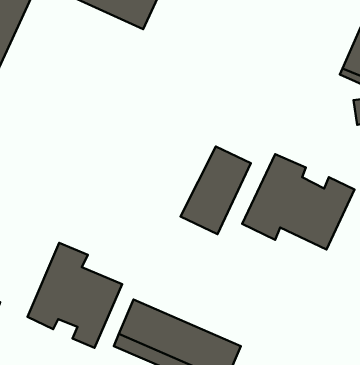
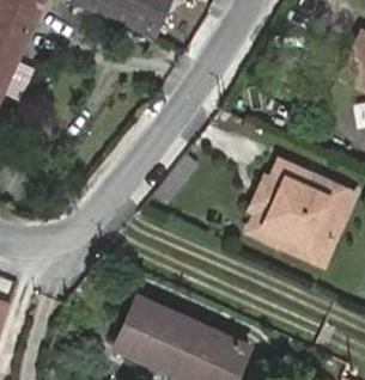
building: [181,147,251,234] -> none
building: [28,243,122,348] -> none

